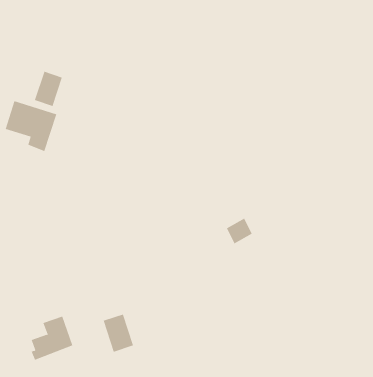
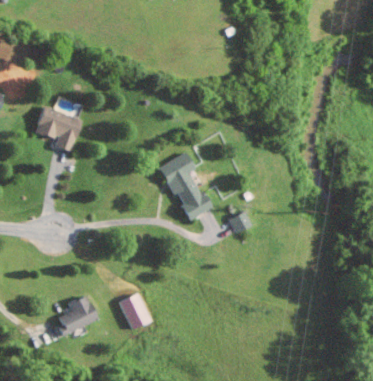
building: [34,71,63,107] -> none
building: none -> [158,153,209,219]

